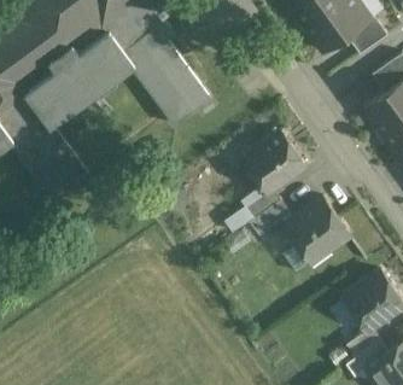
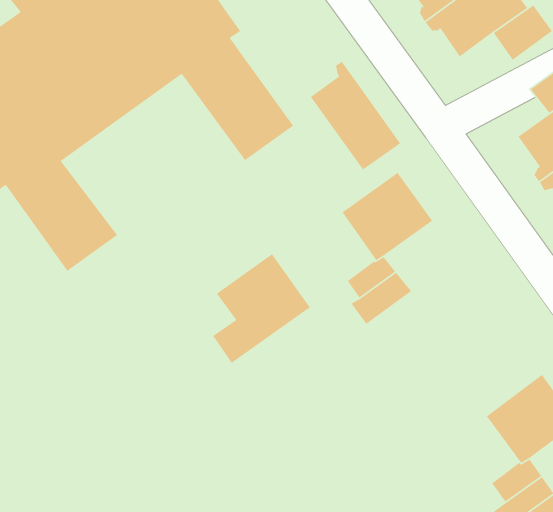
building: none -> [310,61,401,171]
building: [282,198,350,274] -> [212,253,311,364]

